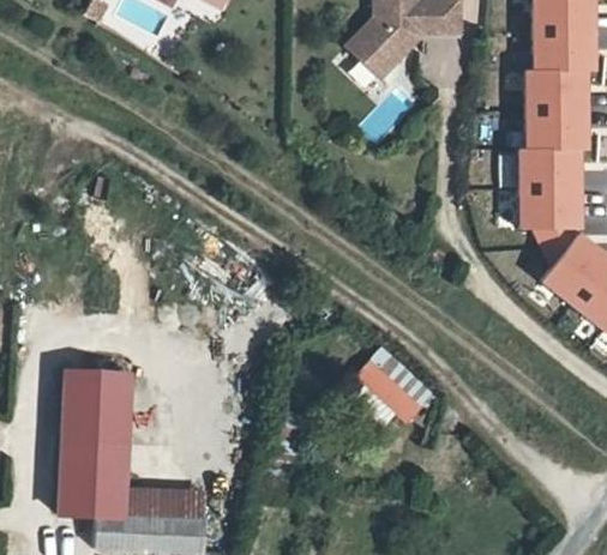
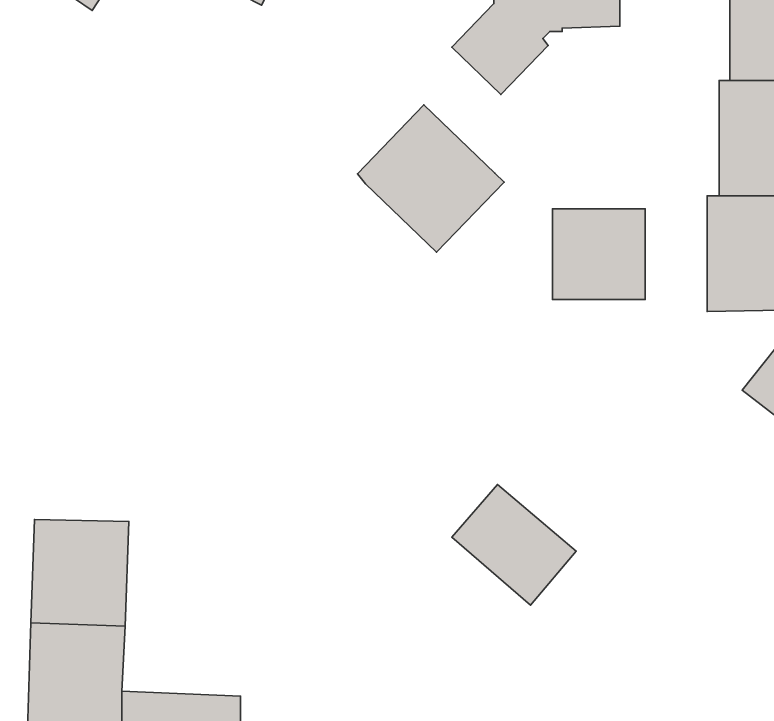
building: none -> [357,105,504,252]
building: none -> [553,209,645,299]

